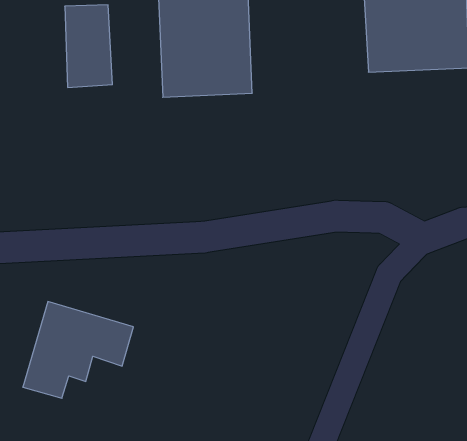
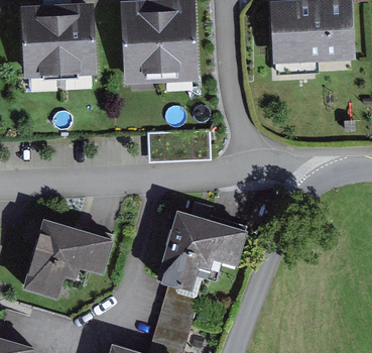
building: none -> [24,8,58,68]
building: none -> [160,213,242,284]

